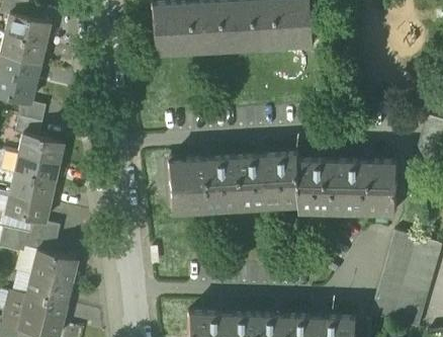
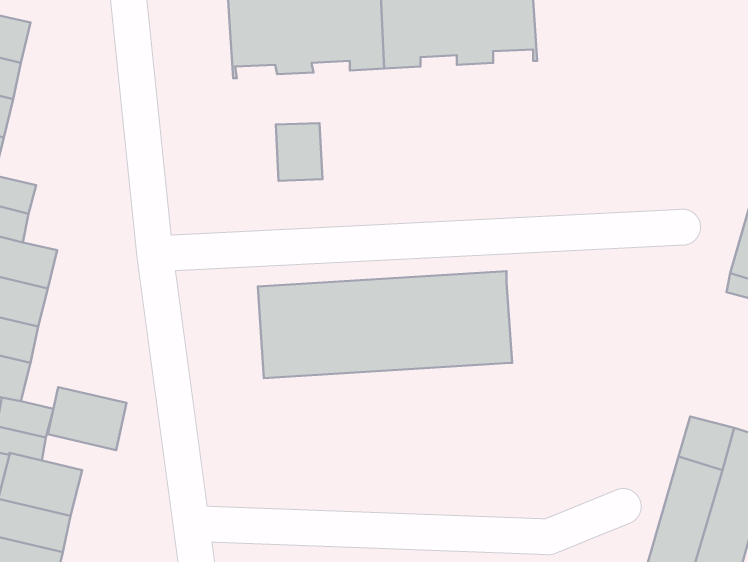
building: none -> [276,123,322,181]
building: [300,160,400,210] -> none
building: none -> [48,387,127,450]

